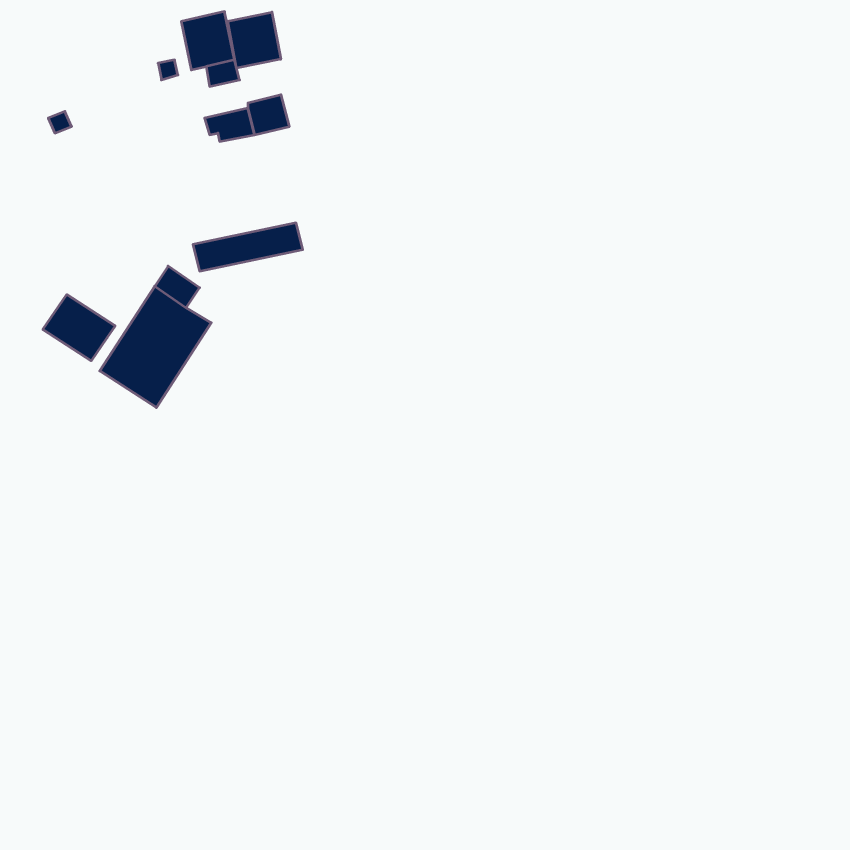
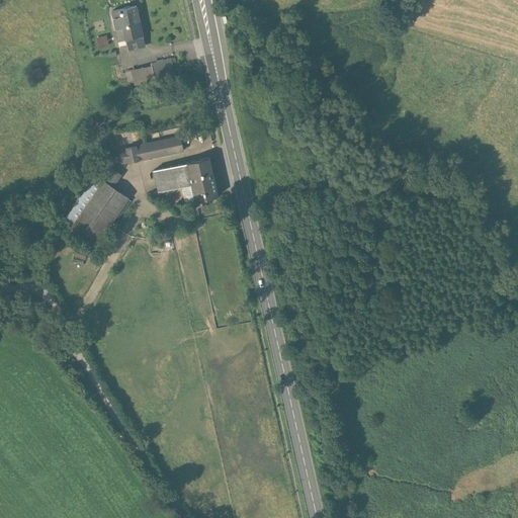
building: [228,12,281,68] -> none
building: none -> [153,158,219,202]
building: [43,295,115,361] -> none

